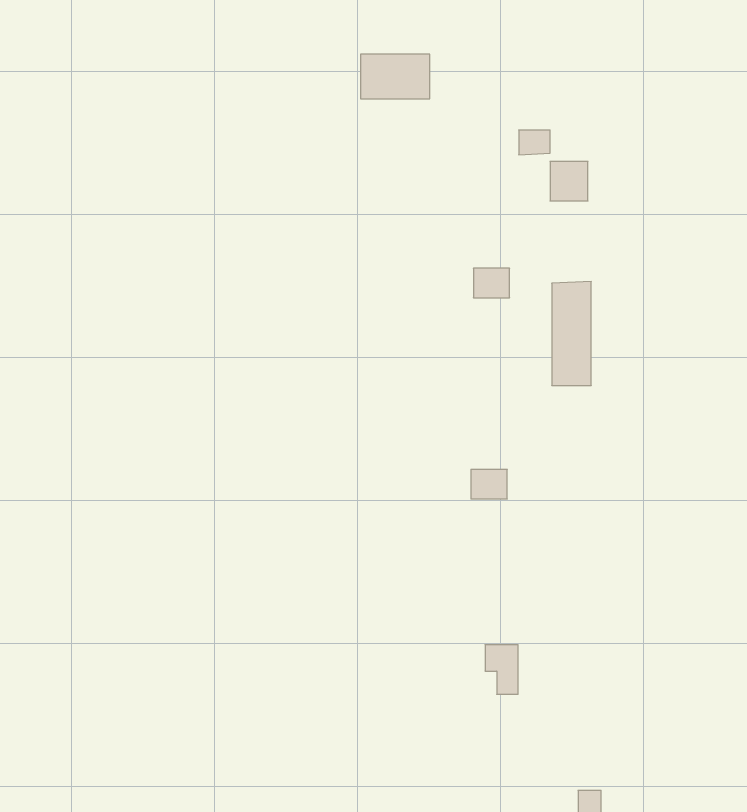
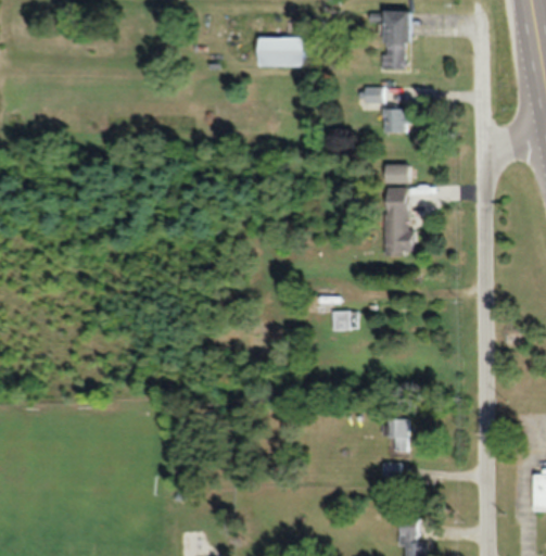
building: none -> [369,11,410,70]
building: [473,268,510,298] -> [384,164,408,184]
building: [485,645,518,694] -> [385,419,407,452]

